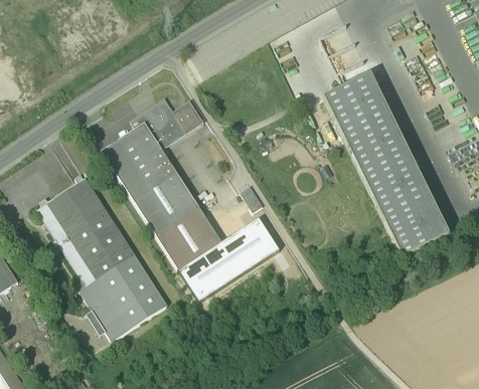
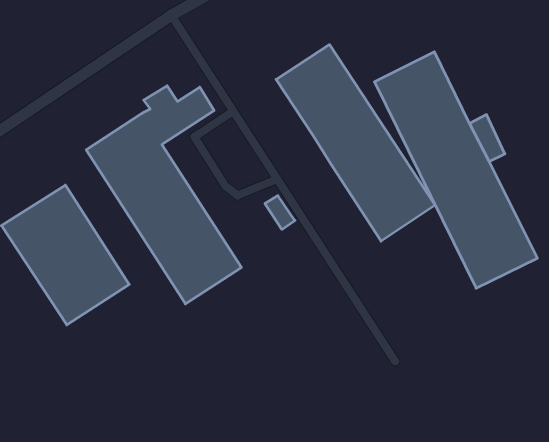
building: none -> [276,45,435,241]
building: [178,217,279,301] -> none
building: [79,253,167,340] -> none

